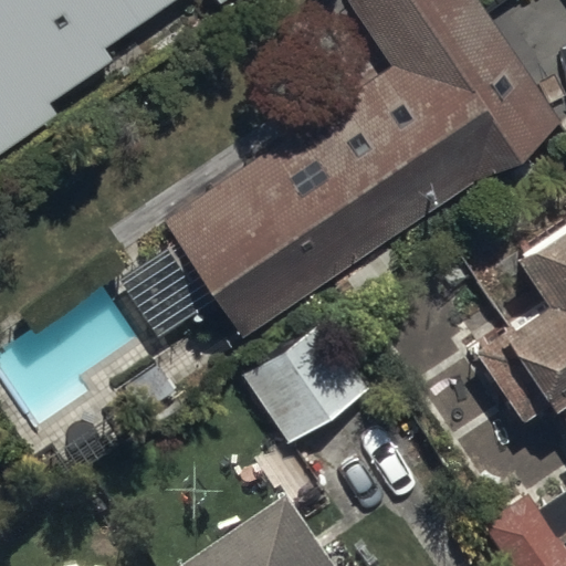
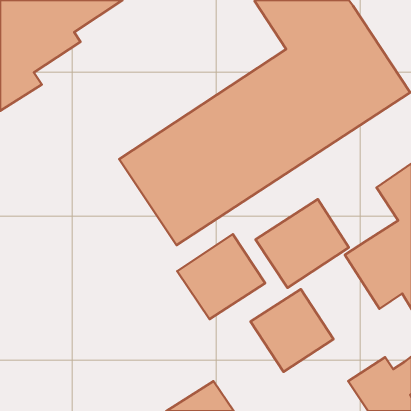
building: none -> [256,199,349,288]
building: none -> [251,289,333,372]

